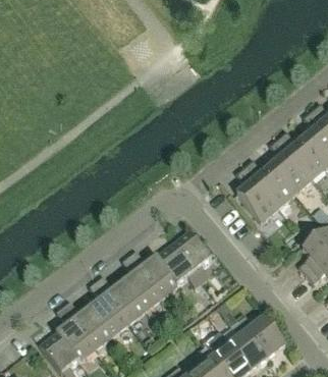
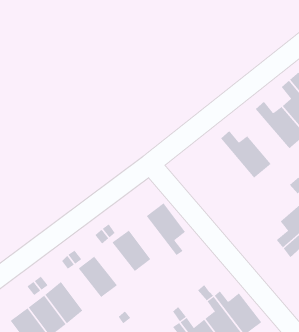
building: [270,141,312,194] -> none
building: [236,169,277,223] -> none
building: [156,245,202,288] -> none
building: [122,270,161,312] -> none
building: [90,295,128,336] -> none

